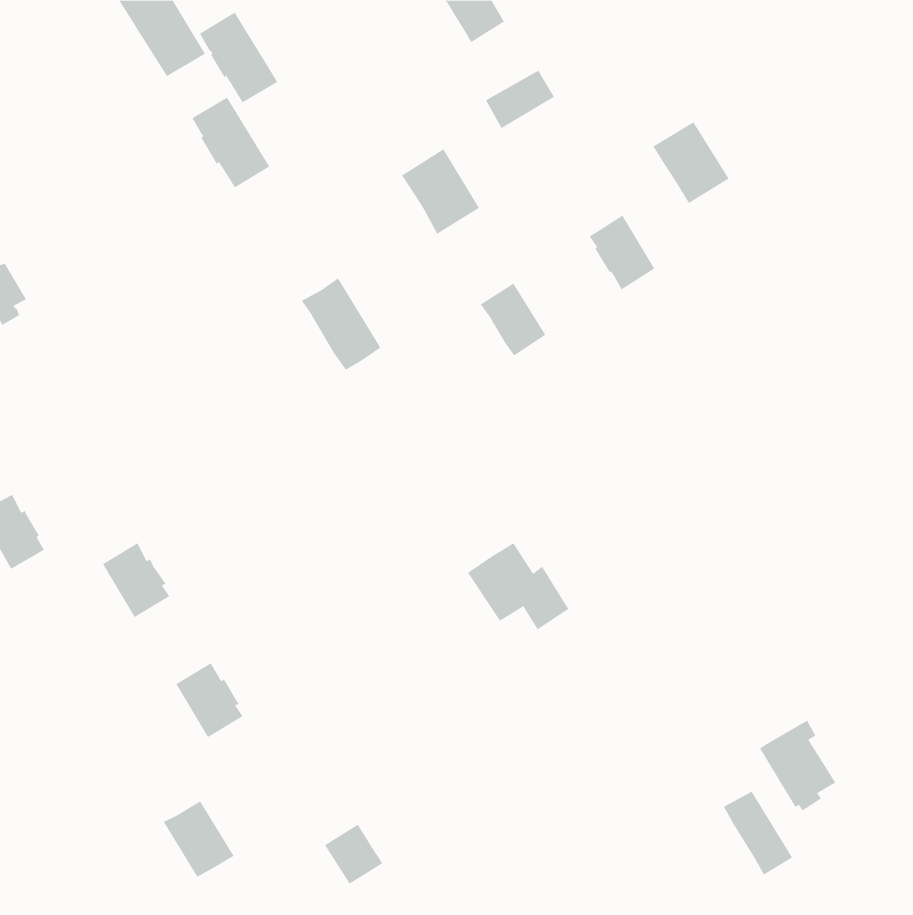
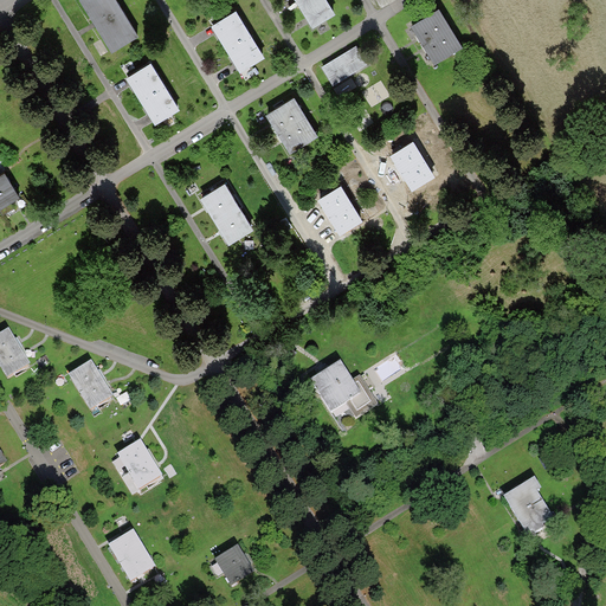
building: [199,12,278,103] -> [212,12,264,72]
building: [653,121,730,204] -> [411,9,462,64]
building: [723,791,793,875] -> none

